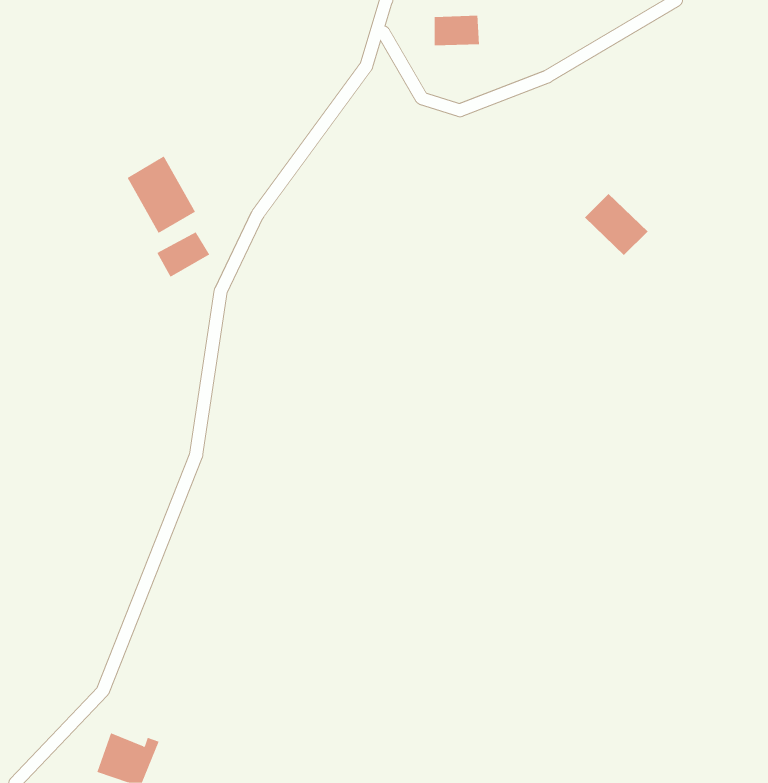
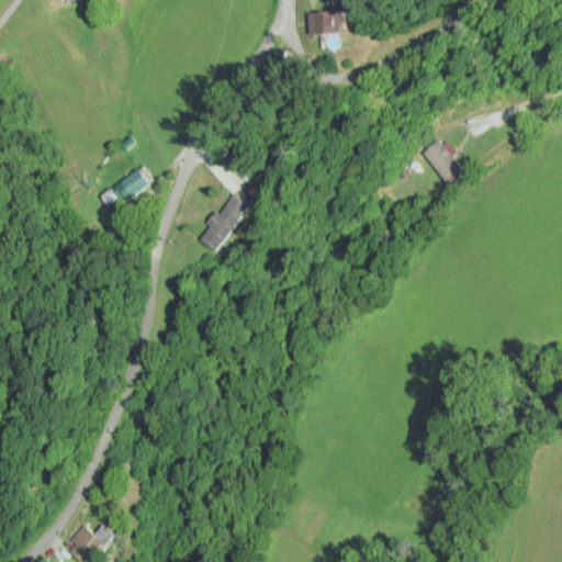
building: [127,156,196,234] -> none
building: none -> [201,191,252,251]

